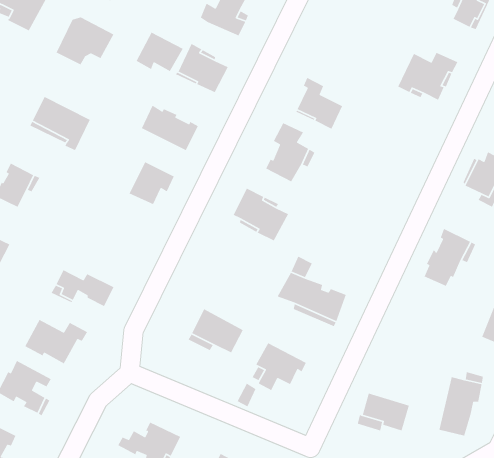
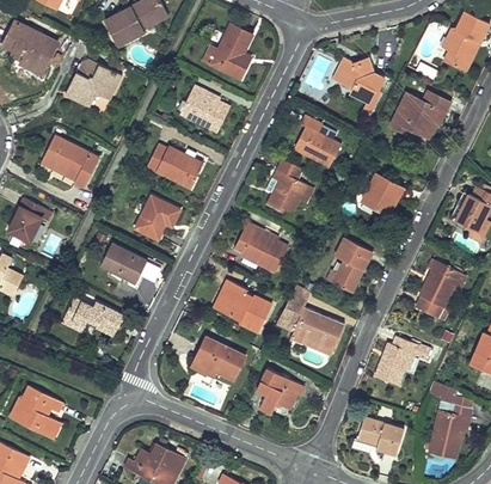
building: none -> [332,57,383,116]
building: [136,31,184,72] -> none
building: none -> [362,173,404,213]
building: none -> [333,238,372,292]
building: none -> [100,243,147,283]
building: none -> [214,280,271,332]
building: none -> [376,336,429,384]
building: [24,319,88,365] -> none

